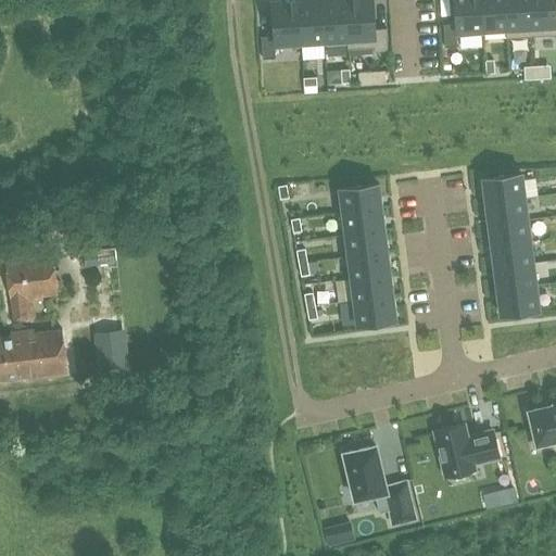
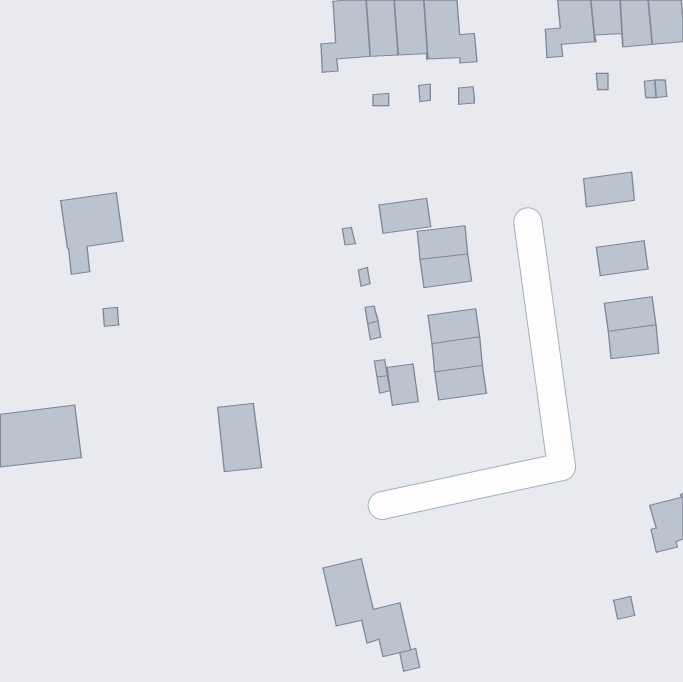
building: [482,174,523,202] -> [584,172,634,207]
building: [488,219,530,248] -> none
building: [344,229,387,257] -> [379,198,431,233]
building: [5,255,56,321] -> [60,193,123,274]
building: [496,288,539,315] -> none
building: none -> [387,364,418,405]
building: [92,316,128,371] -> [218,403,262,472]
building: [434,425,498,476] -> none
building: [343,445,415,525] -> [323,559,411,656]

